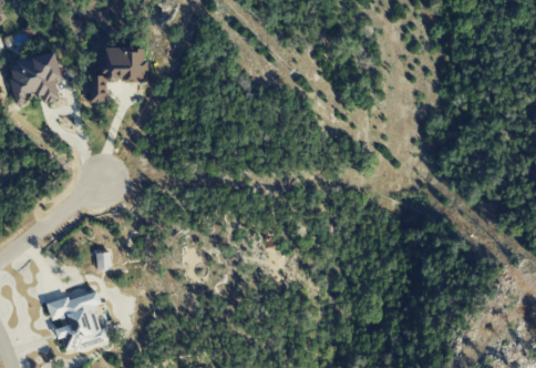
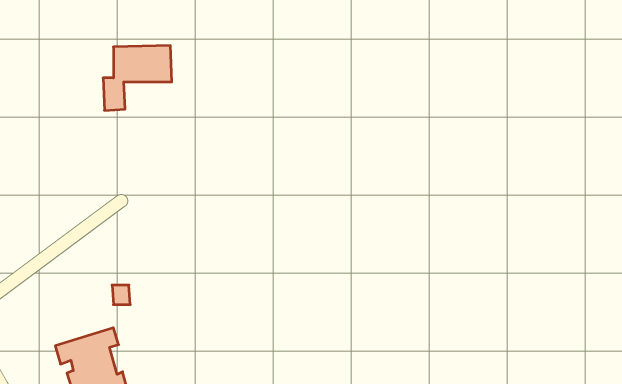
building: [7,52,63,103] -> none

